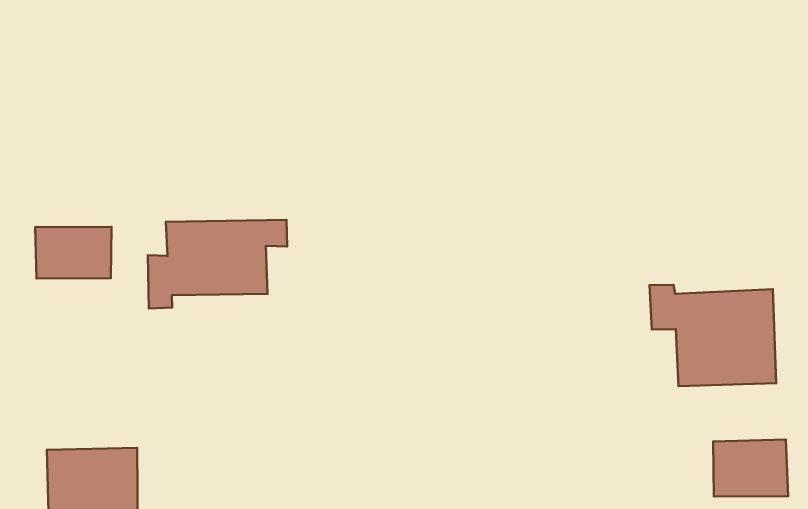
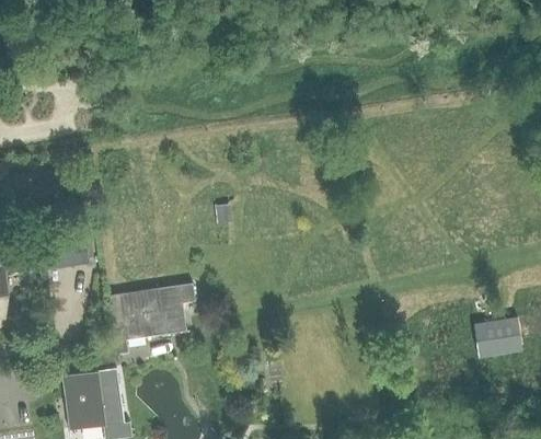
building: [148,220,287,308] -> [108,285,194,349]
building: [650,285,776,386] -> none

